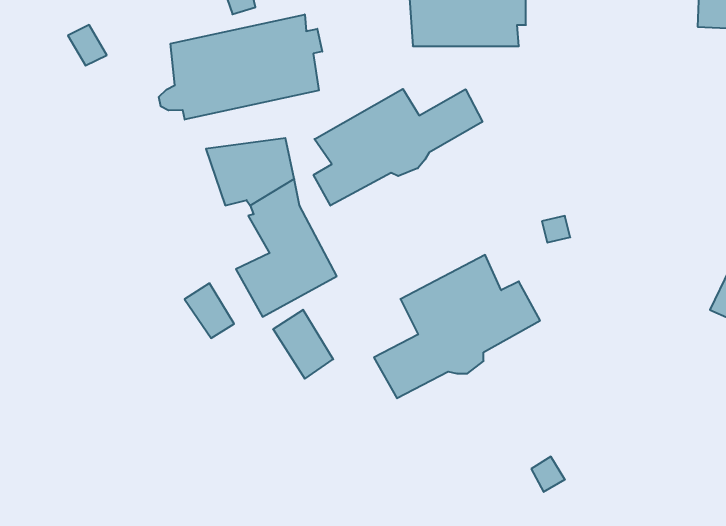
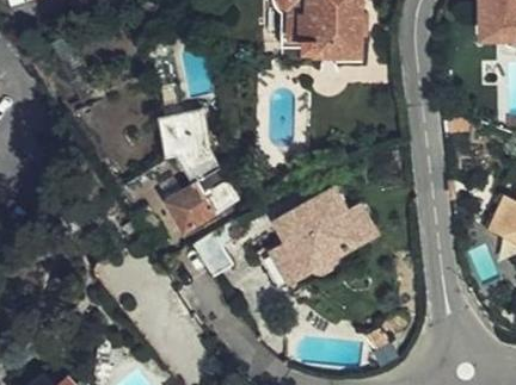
building: [159,14,322,120] -> none
building: [314,89,482,206] -> none

